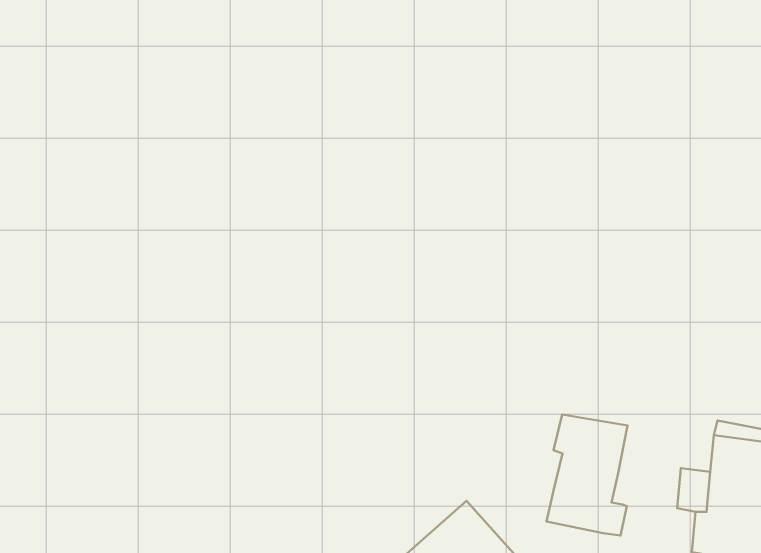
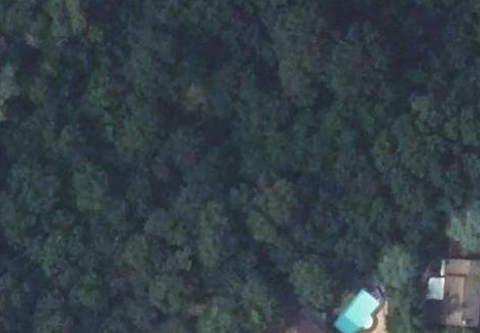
building: [546,415,627,536] -> none

